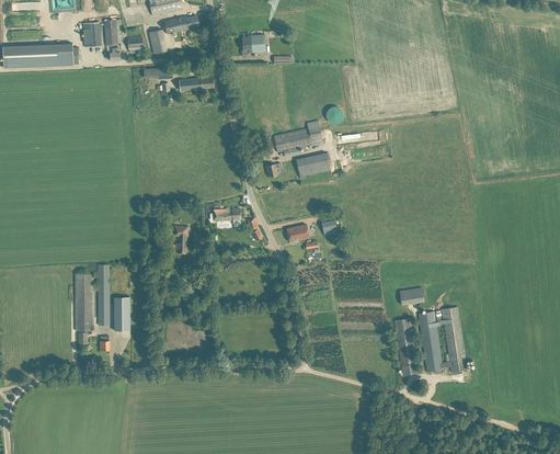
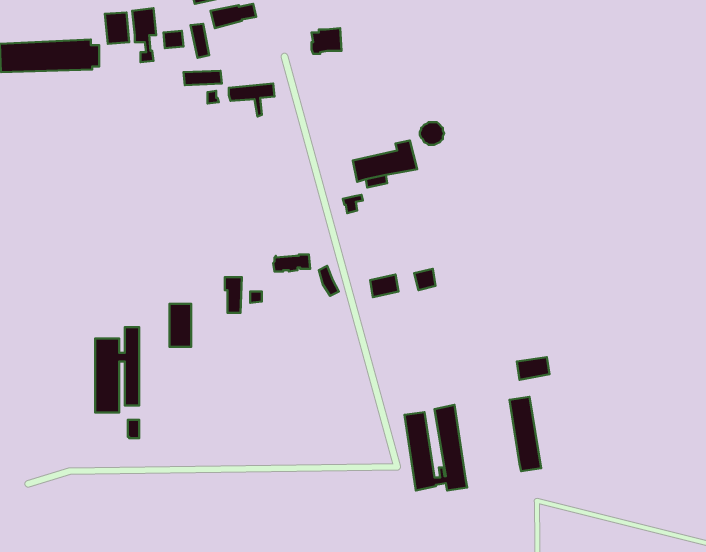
building: [295,152,329,177] -> none
building: [113,297,129,330] -> [170,304,191,347]
building: [418,306,466,372] -> [405,405,467,490]

